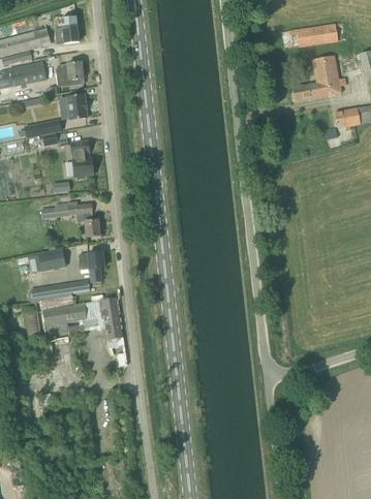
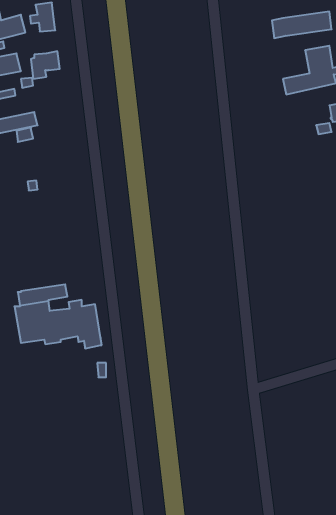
building: [66,94,87,119] -> none
building: [70,141,93,178] -> none
building: [41,200,99,237] -> none
building: [37,248,65,271] -> none
building: [79,251,103,282] -> none

